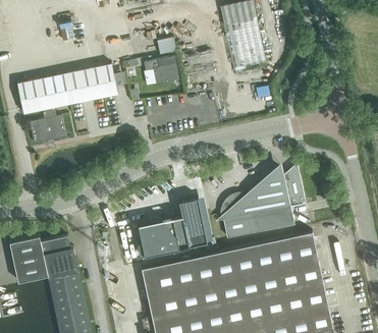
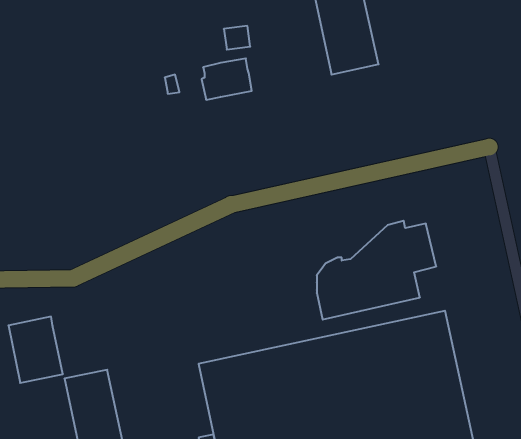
building: [17,64,118,145] -> none
building: [138,198,208,256] -> none
building: [41,236,78,278] -> none

